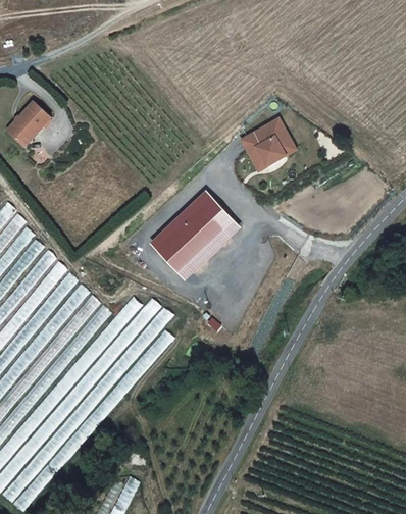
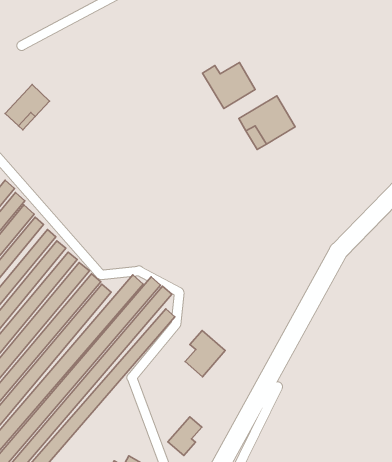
building: none -> [202,63,255,108]
building: [149,190,240,279] -> none
building: none -> [185,331,225,377]
building: none -> [168,417,202,456]

